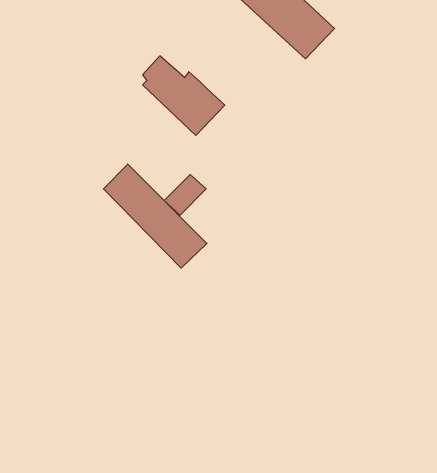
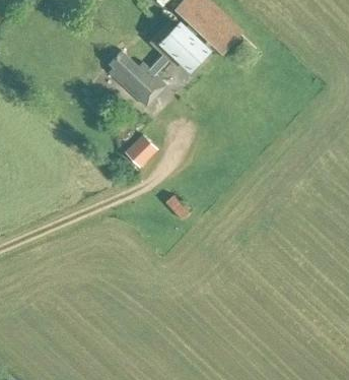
building: none -> [149,19,212,75]
building: [103,164,207,268] -> none

